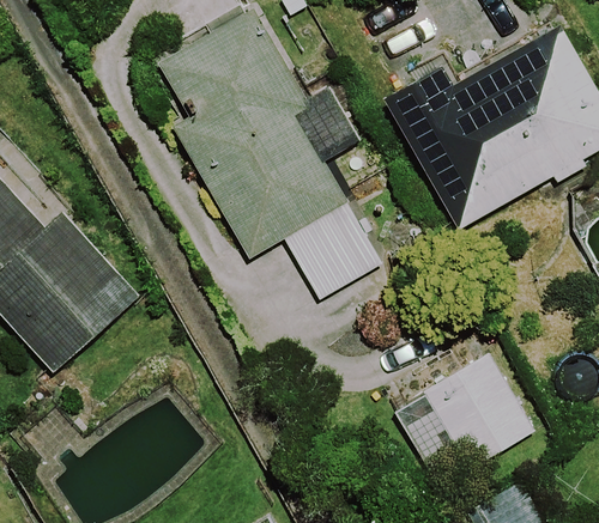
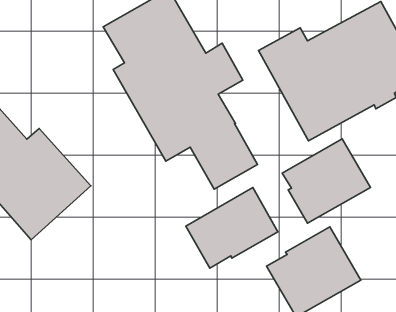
building: none -> [282,139,370,223]
building: none -> [186,187,278,268]

